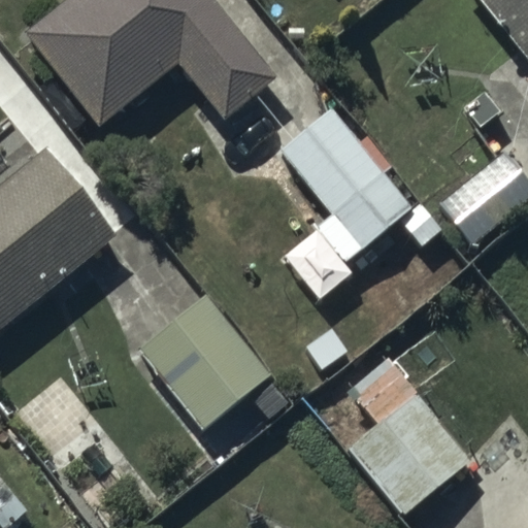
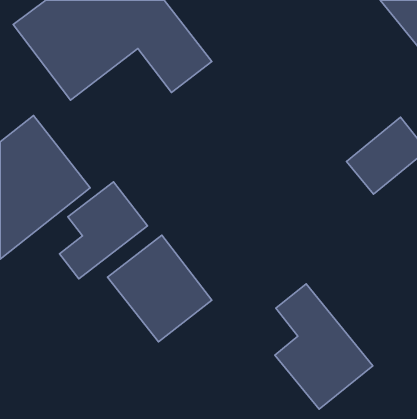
building: [279,109,414,263] -> none
building: none -> [59,182,147,279]

